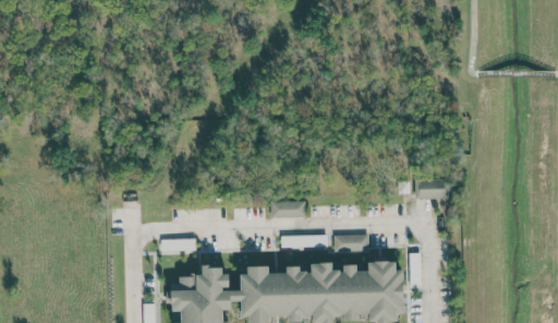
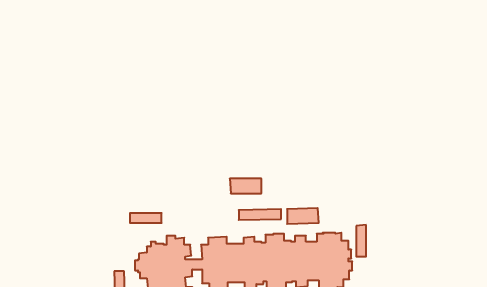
building: [415,179,447,199] -> none

